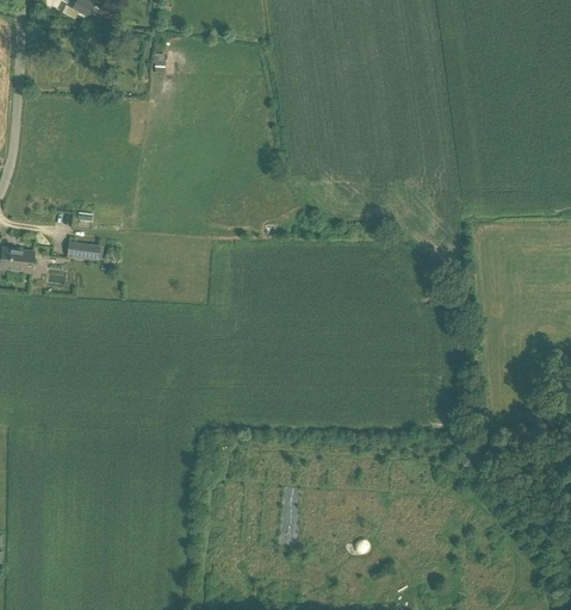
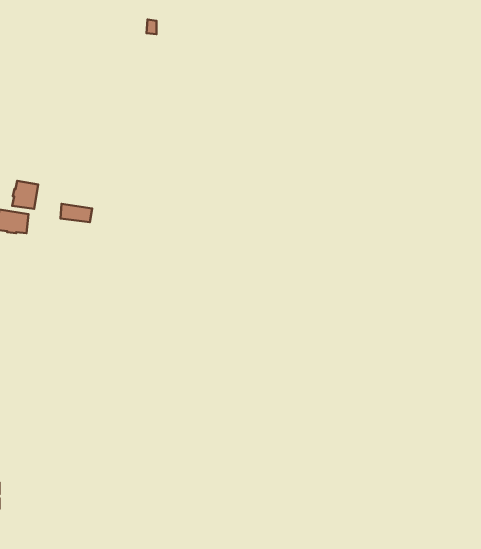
building: none -> [12,181,38,209]

